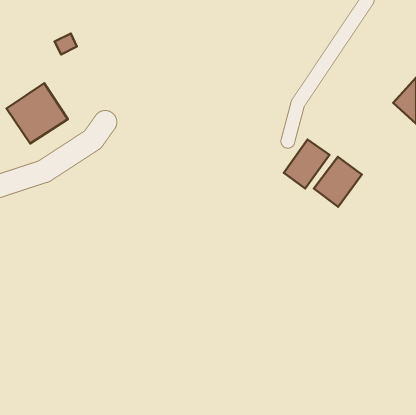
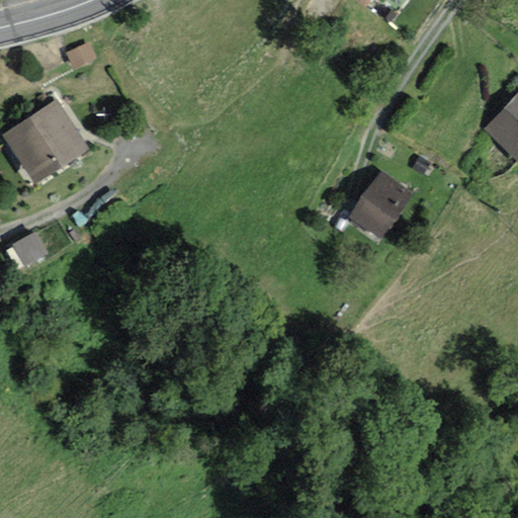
building: [314,157,362,207] -> none
building: none -> [8,231,47,265]

